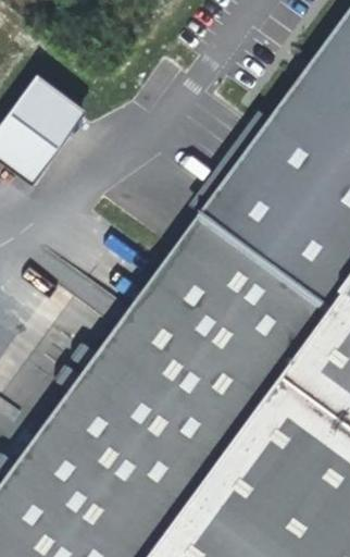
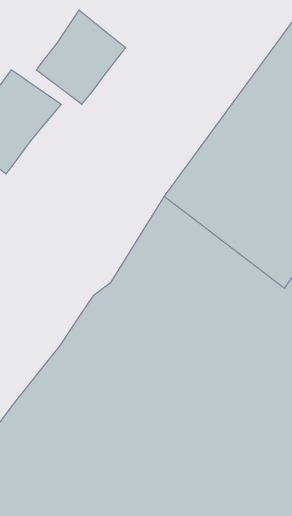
building: none -> [36,10,126,104]

